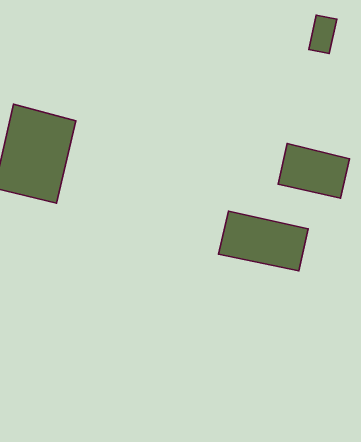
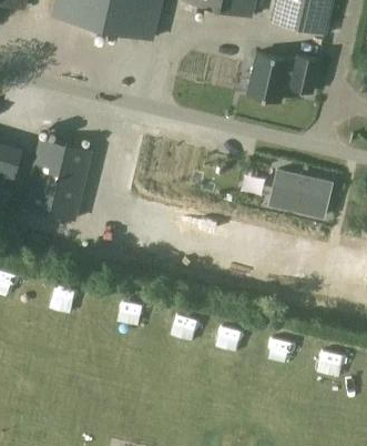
building: none -> [247,53,287,102]
building: [219,211,308,271] -> none

